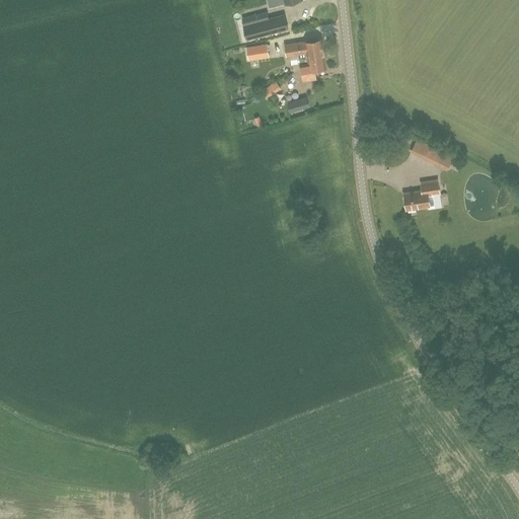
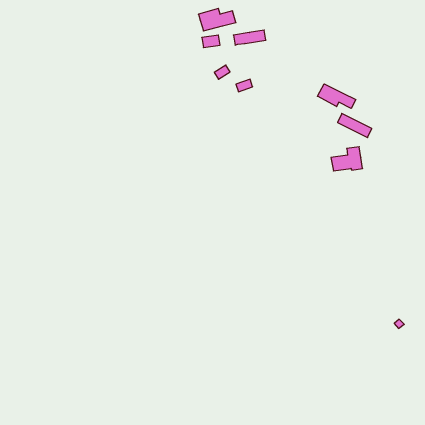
building: [298,49,325,79] -> none
building: none -> [317,84,356,108]

